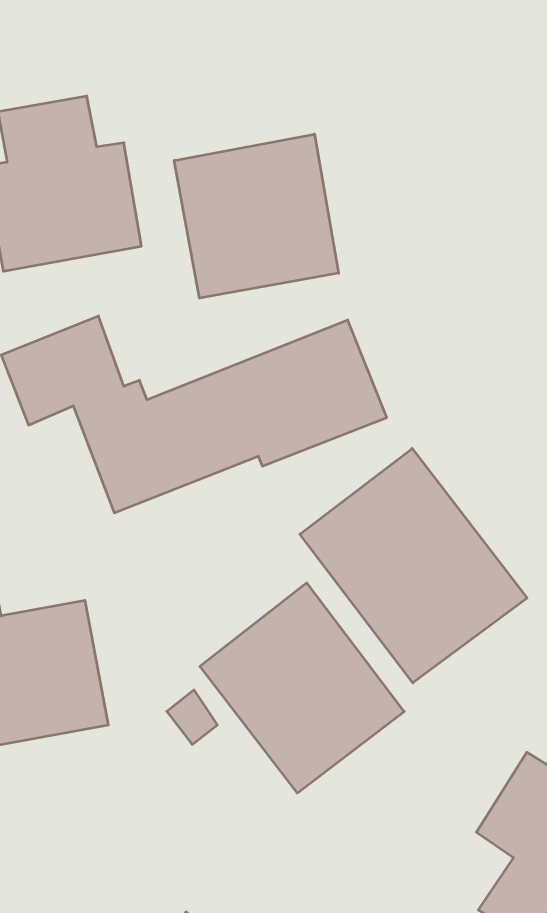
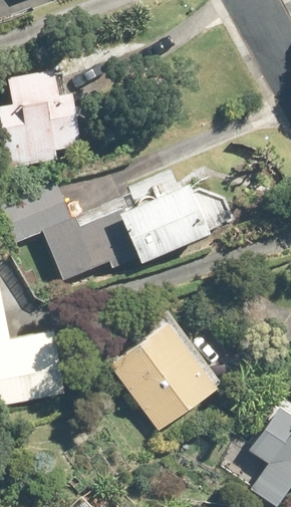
building: [174,134,339,298] -> none
building: [300,448,527,683] -> none

